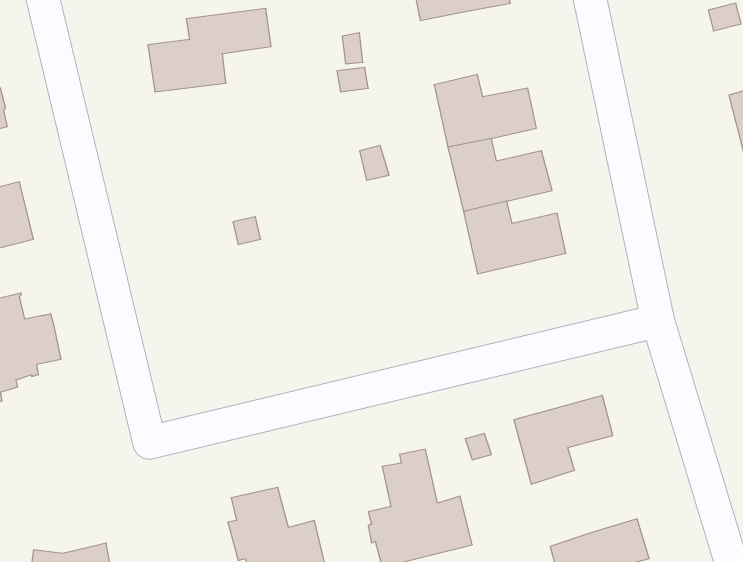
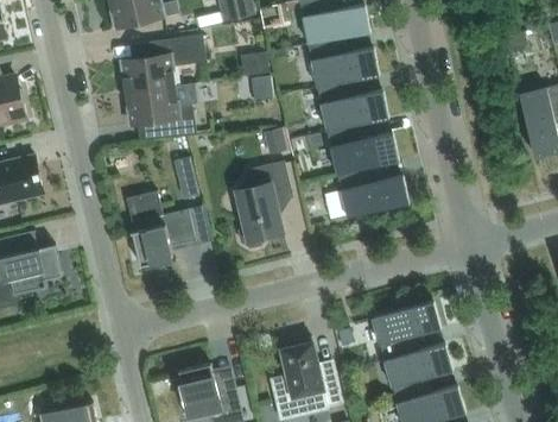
building: none -> [307,38,378,88]
building: none -> [126,83,199,139]
building: none -> [235,160,292,248]
building: none -> [126,191,195,266]
building: none -> [383,342,451,404]

